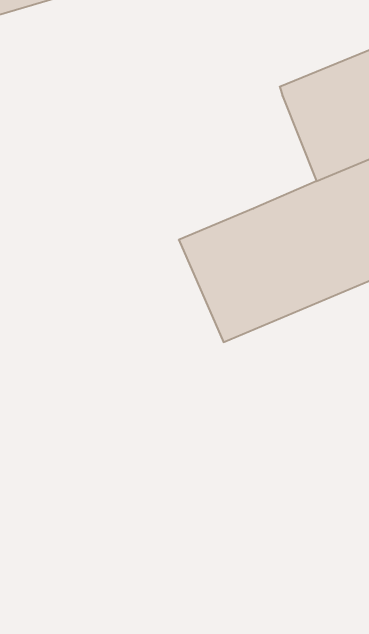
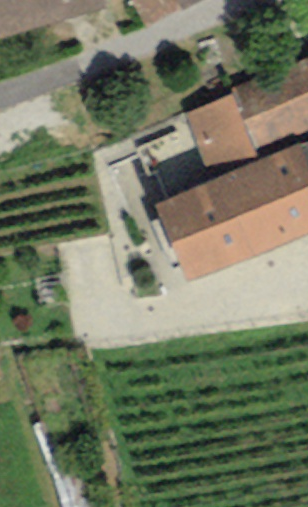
building: none -> [186,94,260,180]

